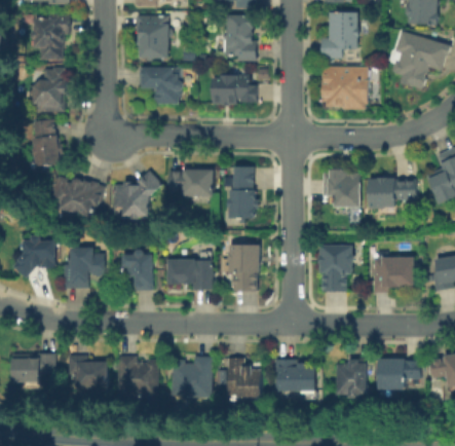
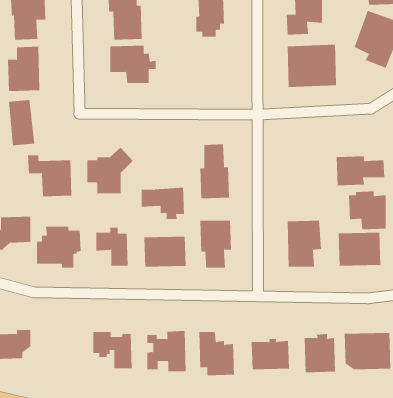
building: [205,75,256,104] -> none
building: [168,169,214,201] -> [141,187,185,219]
building: [321,169,361,209] -> [348,191,386,230]
building: [69,356,110,391] -> none

